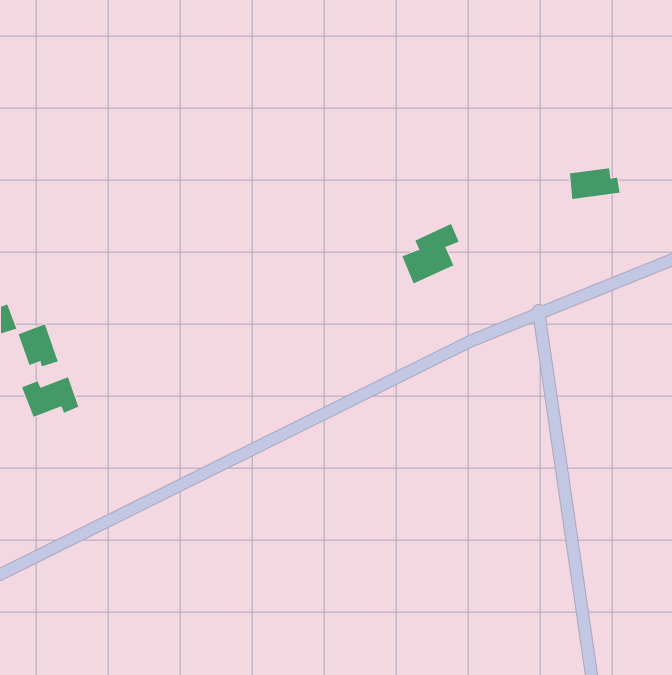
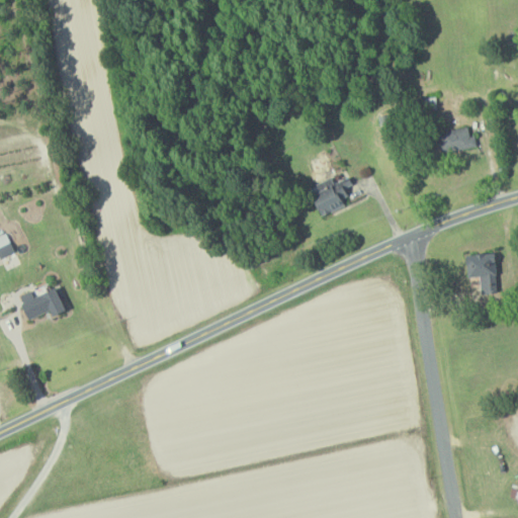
building: [18,324,58,367] -> none
building: none -> [465,254,497,294]

